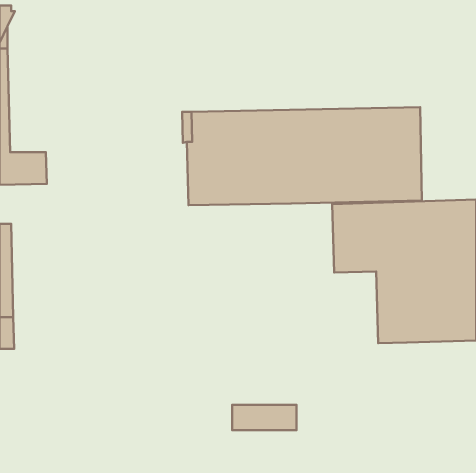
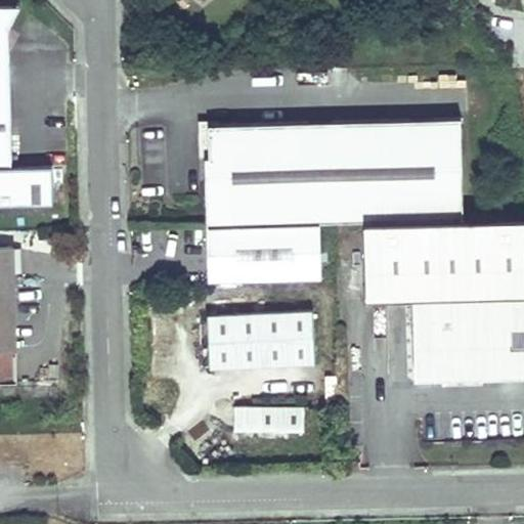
building: none -> [207,227,320,285]
building: none -> [208,313,314,370]
building: [232,405,297,430] -> [232,409,303,437]

